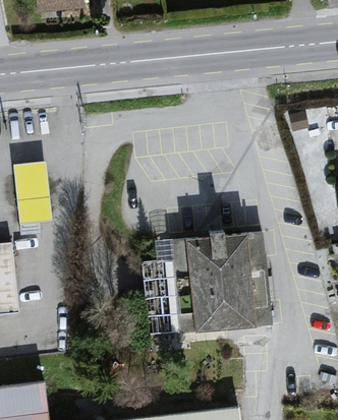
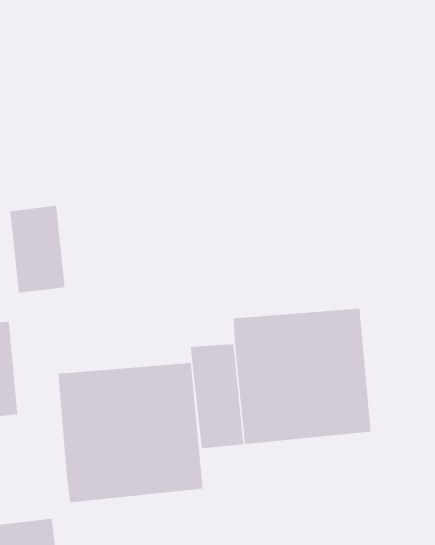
building: none -> [57,362,203,503]

